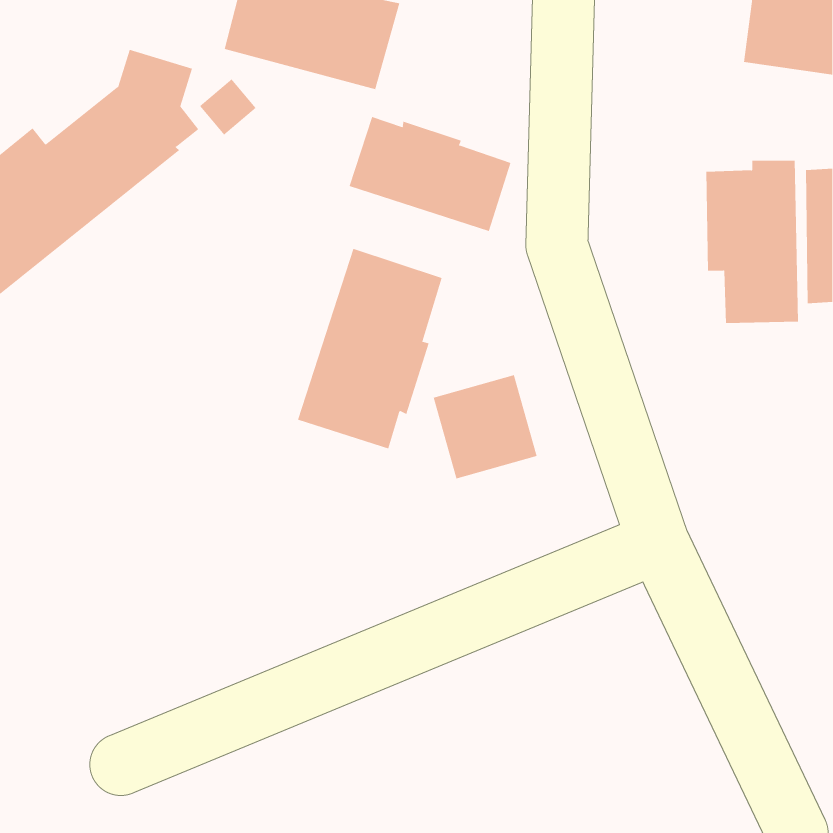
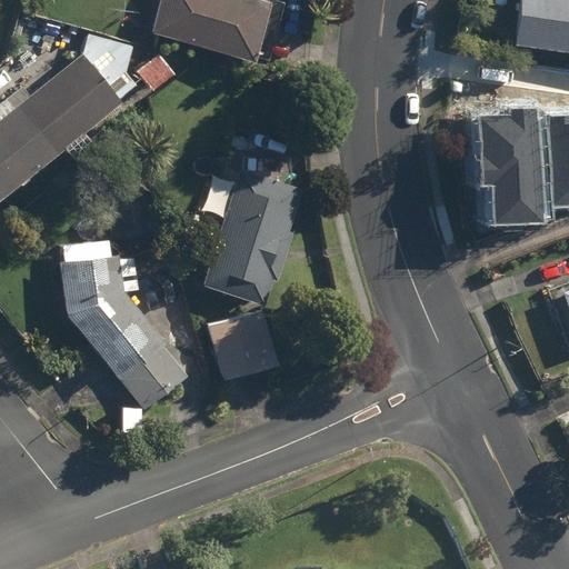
building: [349,116,511,232] -> none
building: none -> [60,241,184,409]
building: [433,375,537,479] -> [207,311,278,382]

